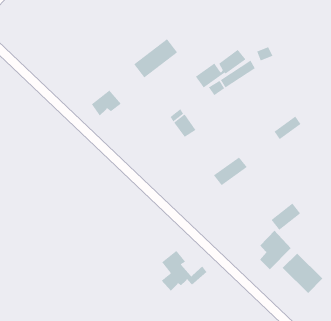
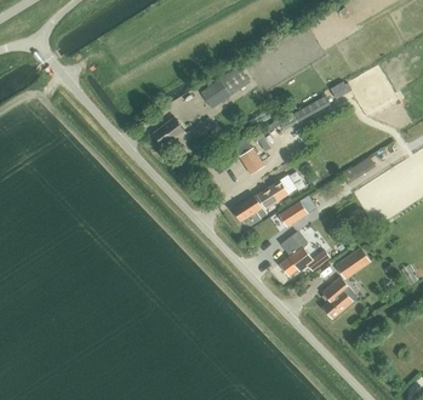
building: [195,49,247,88] -> [231,182,287,222]
building: [161,250,207,291] -> [279,232,328,275]
building: [282,253,323,294] -> none

